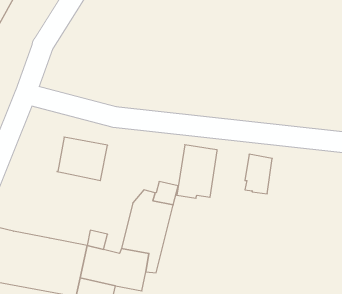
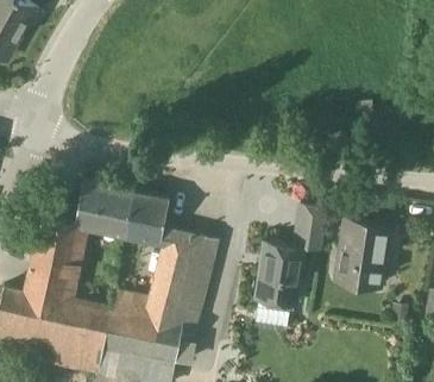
building: [177,145,217,198] -> [257,240,304,303]
building: none -> [126,193,169,242]
building: none -> [24,217,81,302]
building: none -> [338,219,389,287]

